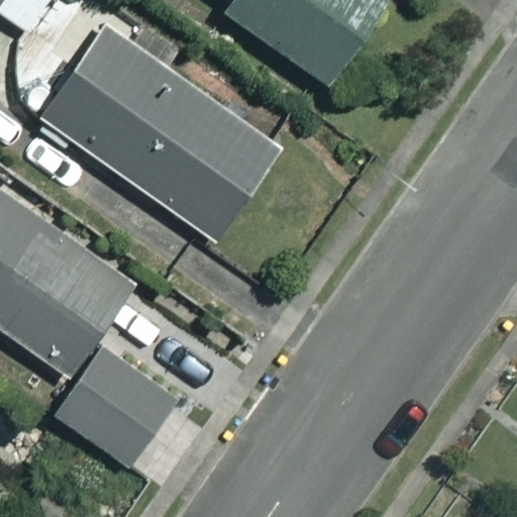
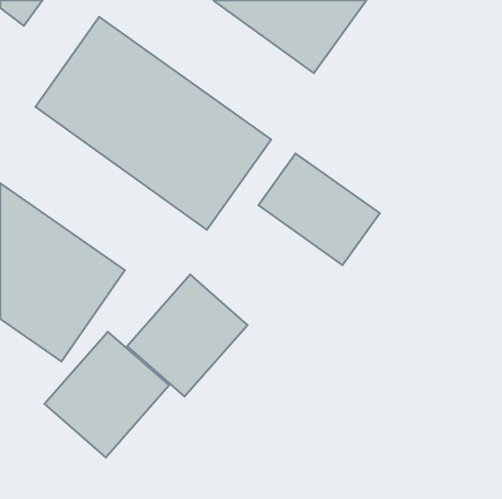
building: none -> [258,153,380,265]
building: none -> [127,275,248,397]

